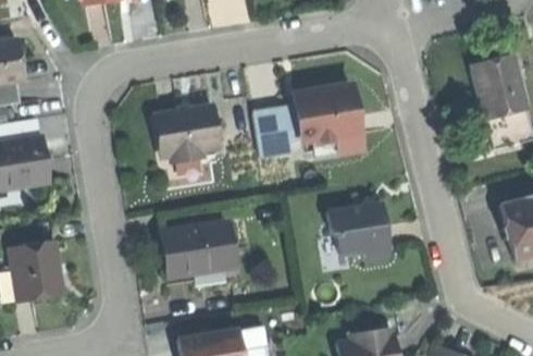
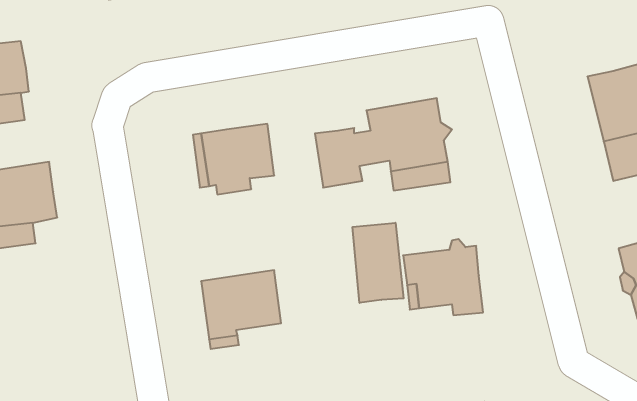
building: none -> [353,223,404,303]
building: [9,241,63,300] -> none

